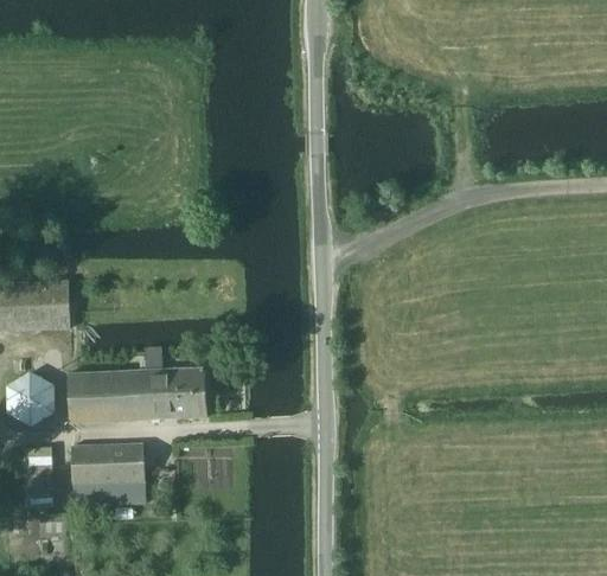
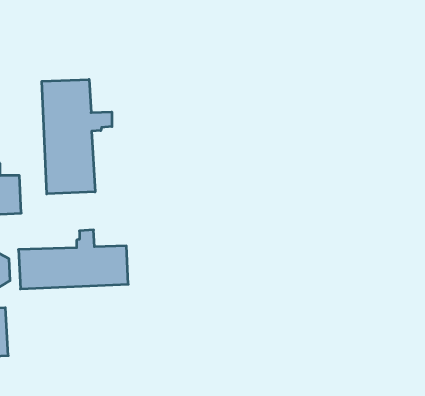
building: none -> [42,79,112,194]
building: [71,442,145,505] -> none

